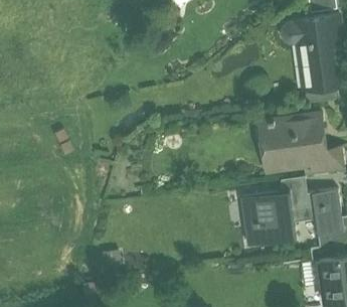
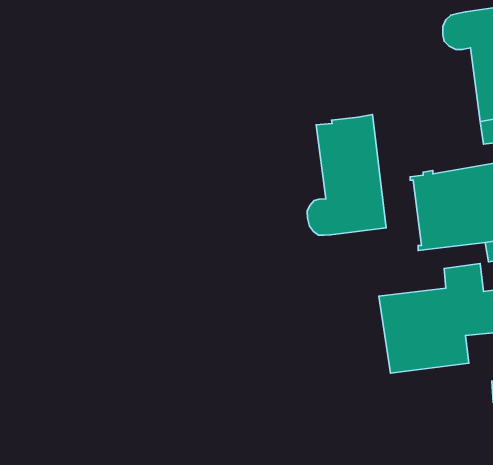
building: none -> [307,114,386,235]

